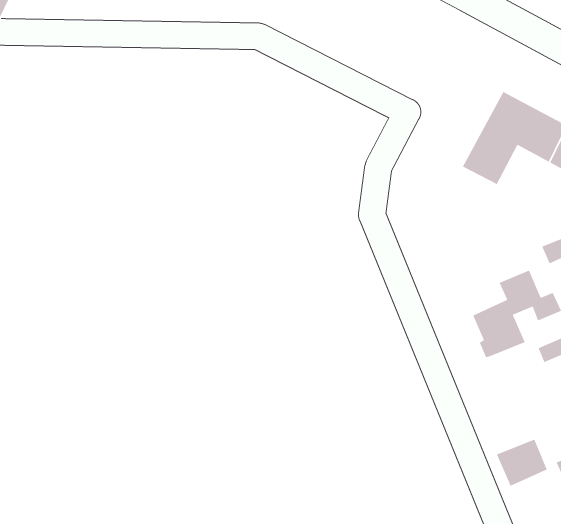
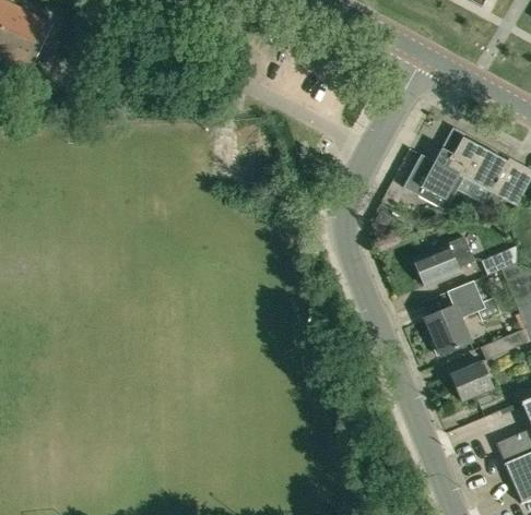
building: none -> [413,236,473,286]
building: [496,439,548,487] -> [449,360,493,400]

